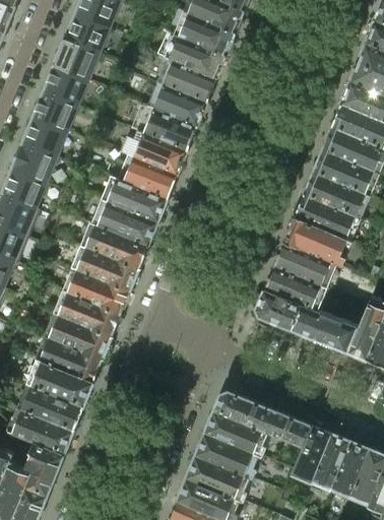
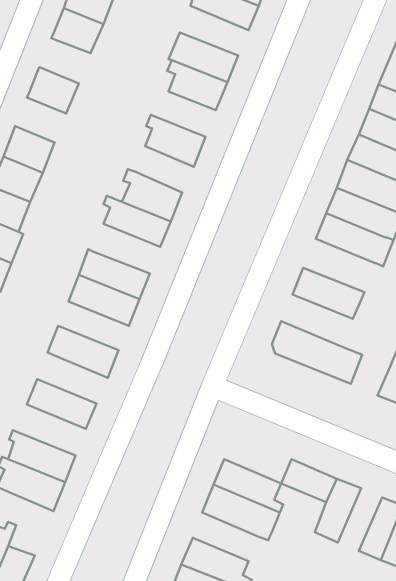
building: [175,11,235,55] -> none
building: [52,40,97,79] -> none
building: [149,83,206,126] -> none
building: [30,91,75,131] -> none
building: [134,132,187,175] -> none
building: [99,200,157,246] -> none
building: [282,215,356,266] -> none
building: [263,264,326,310] -> none
building: [68,270,130,313] -> none
building: [50,315,112,360] -> none
building: [324,317,359,352] -> none
building: [34,360,92,405] -> none
building: [213,390,272,430] -> none
building: [313,434,351,489] -> none
building: [24,441,64,493] -> none
building: [186,455,247,502] -> none

